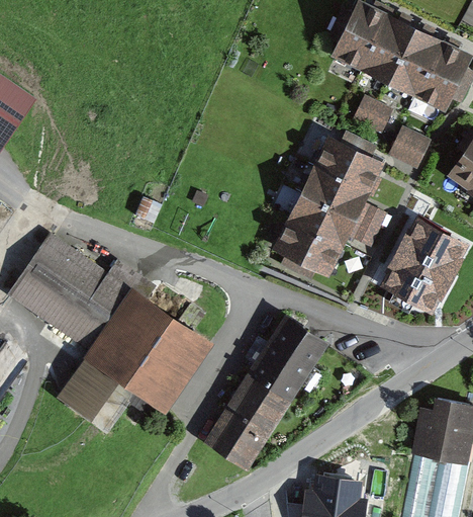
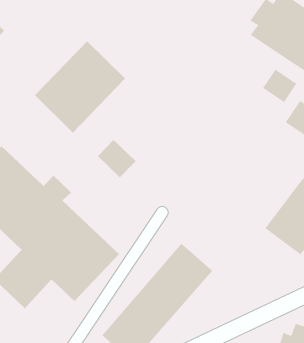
building: none -> [34,41,126,133]
building: [268,130,389,282] -> none
building: none -> [97,139,136,178]

